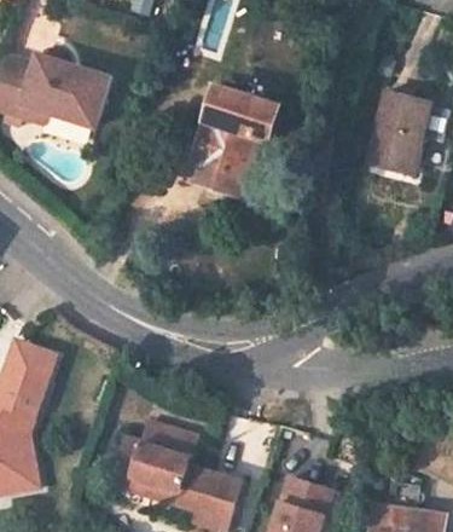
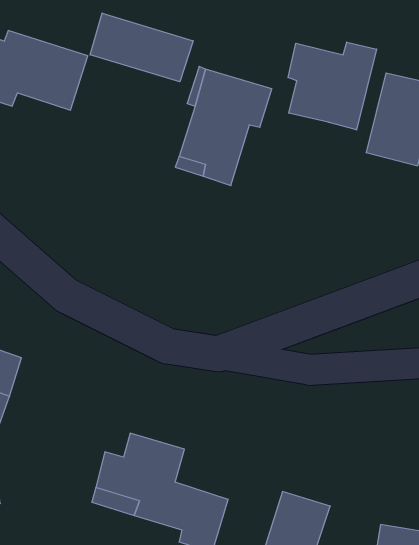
building: none -> [90,13,193,82]
building: none -> [288,42,377,130]

